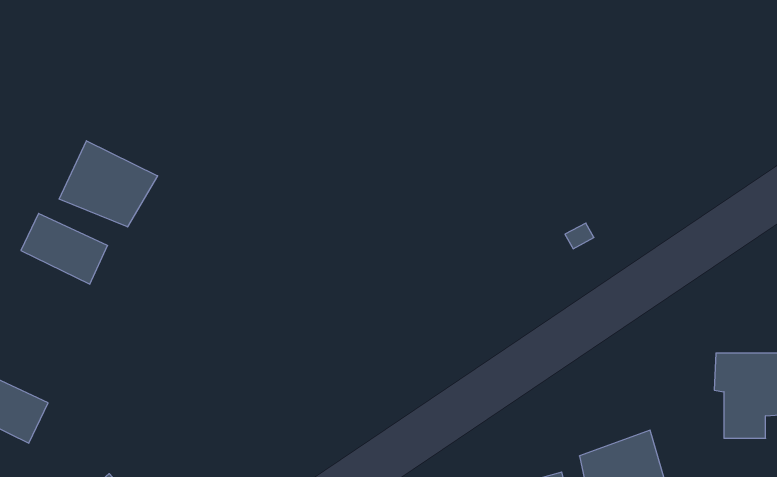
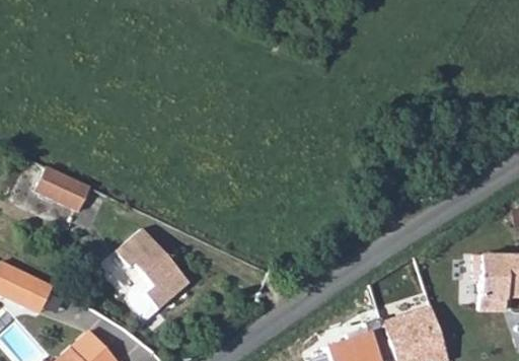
building: [59,141,158,227] -> none
building: none -> [115,228,189,320]

